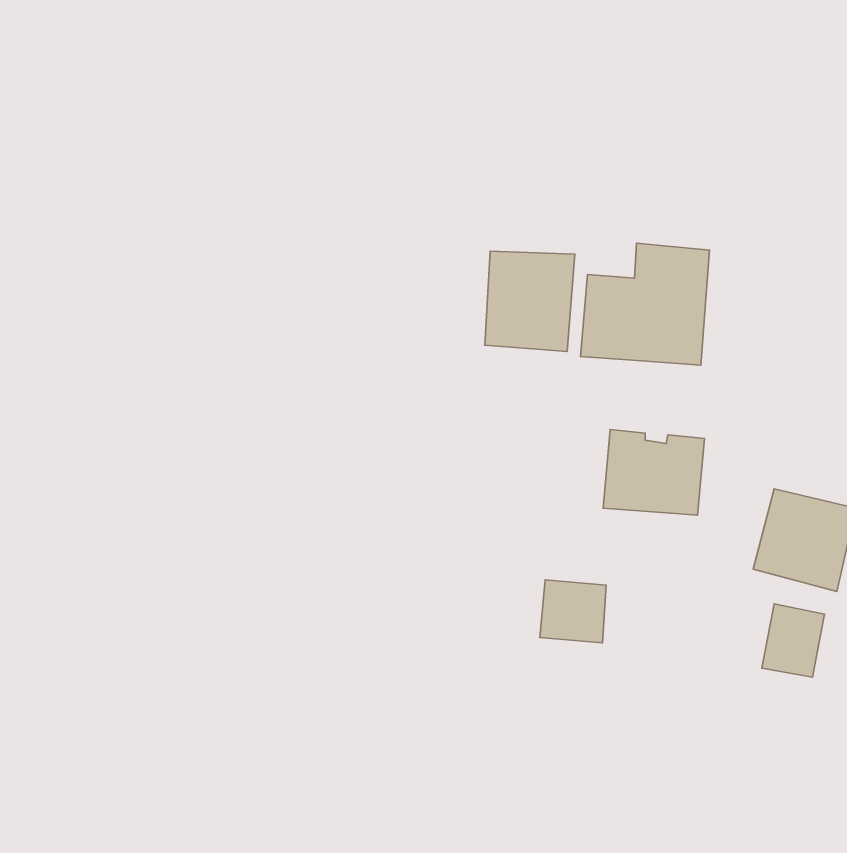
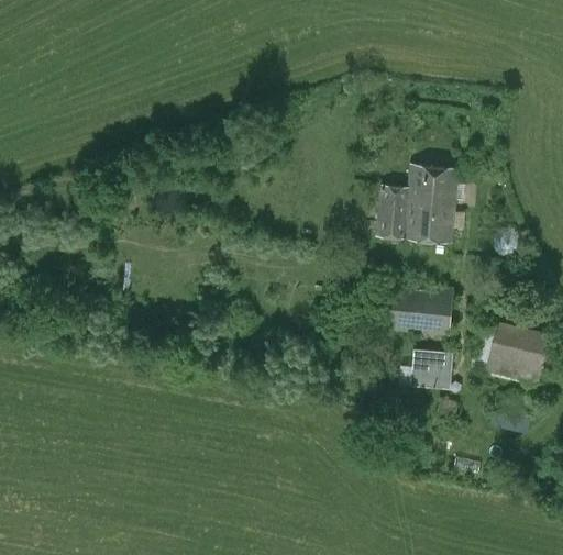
building: [485,251,575,351] -> none
building: [540,580,606,643] -> [406,347,448,387]

